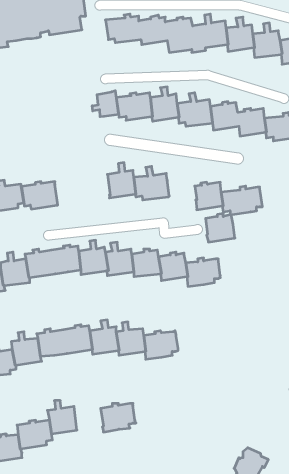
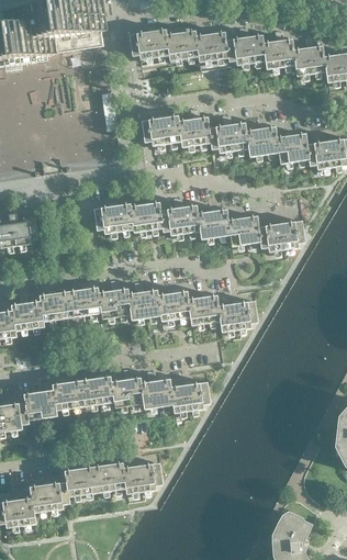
building: [92,91,119,117] -> none
building: [21,182,58,209] -> [93,203,134,234]
building: [206,214,235,242] -> [198,208,231,239]
building: none -> [93,453,126,492]

